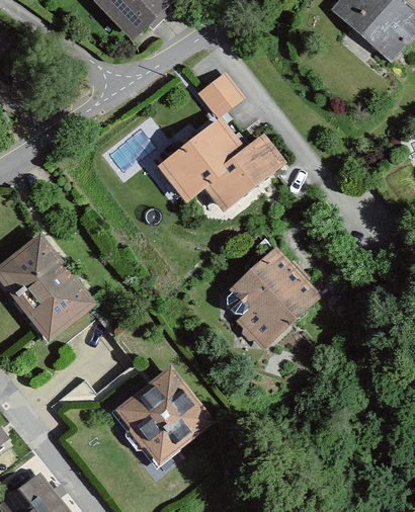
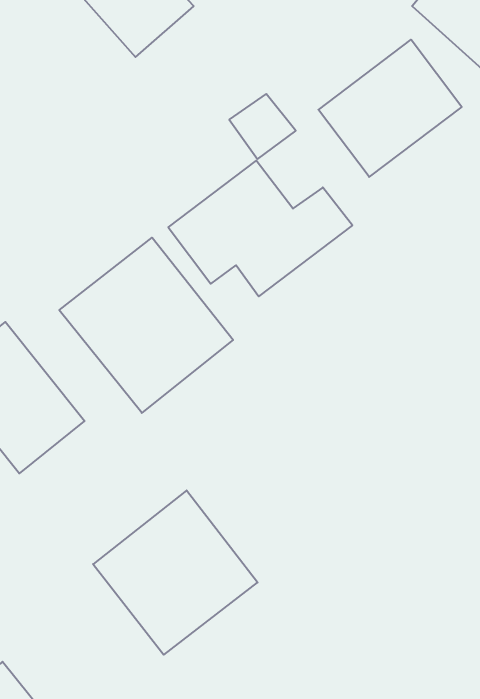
building: none -> [318,40,462,177]
building: none -> [59,238,233,413]
building: [232,245,322,351] -> none

